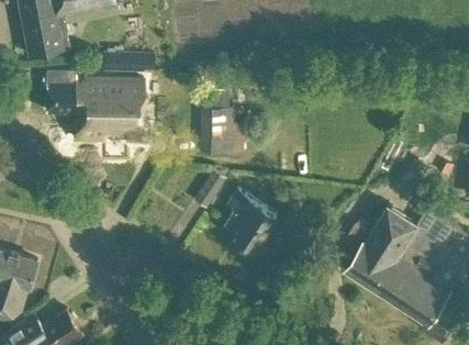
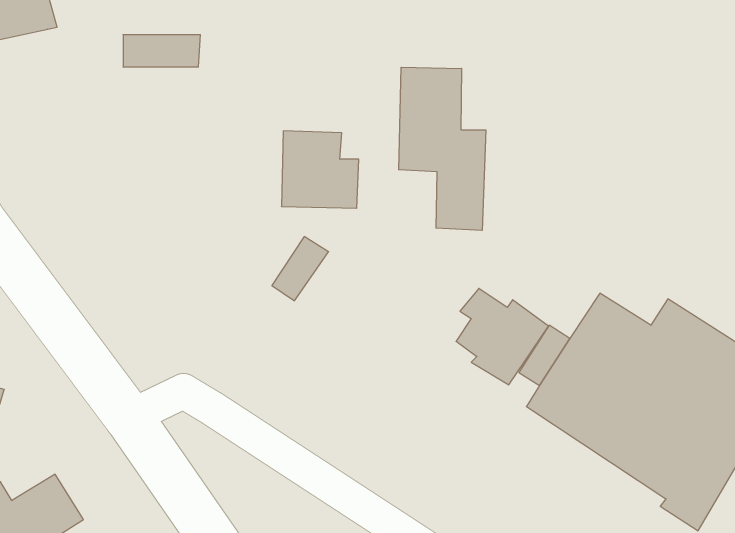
building: [43,69,141,142] -> none
building: none -> [399,67,486,230]
building: [223,196,277,252] -> [456,288,548,385]

